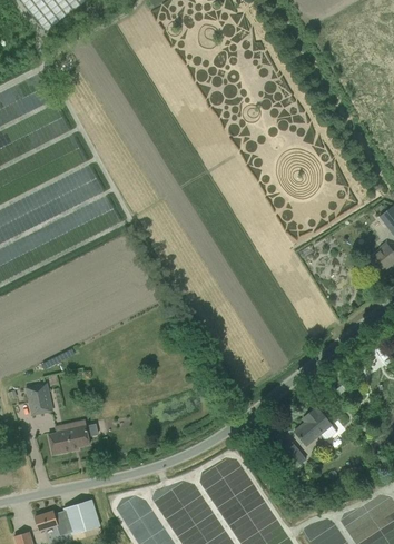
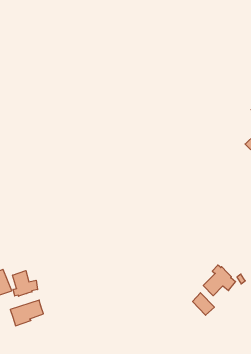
building: none -> [13,271,38,296]

